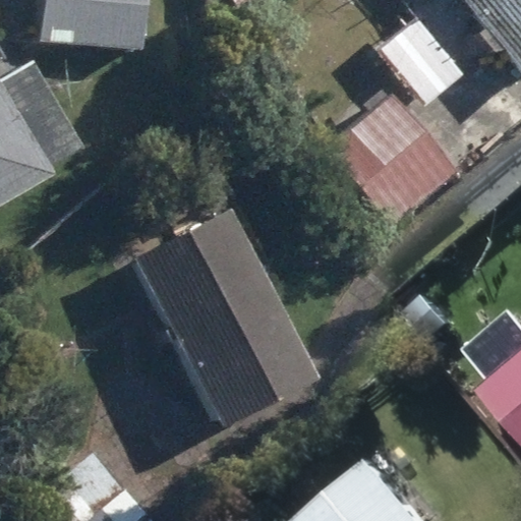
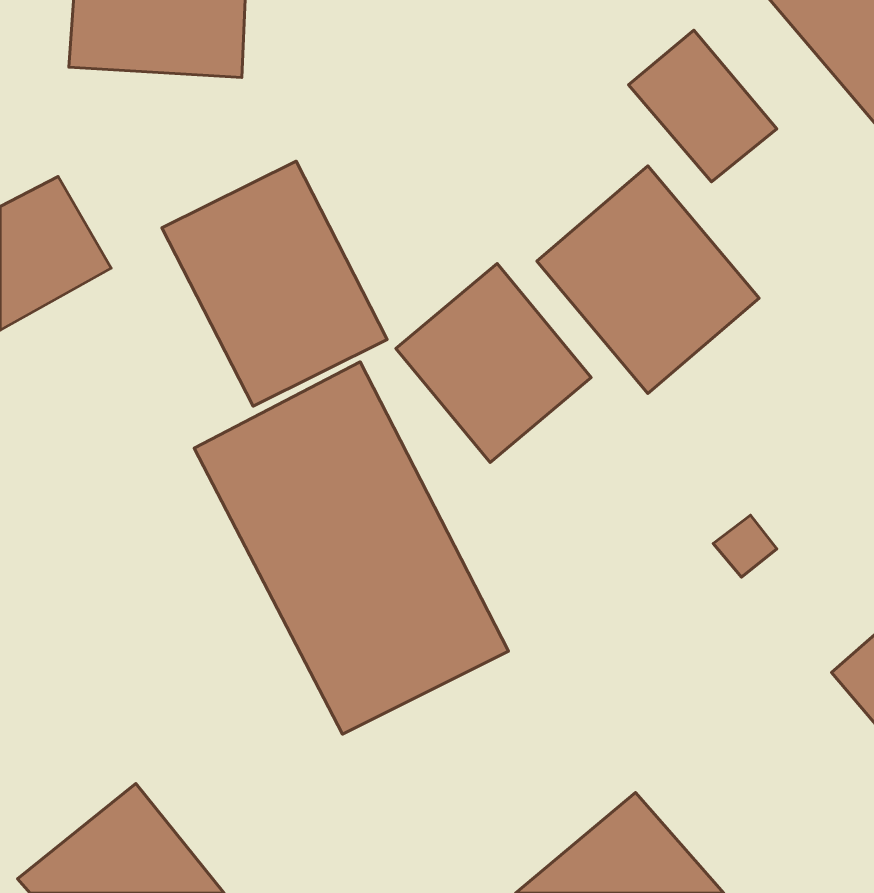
building: none -> [162,161,387,406]
building: none -> [396,264,591,462]

